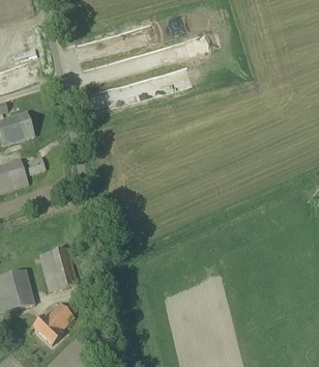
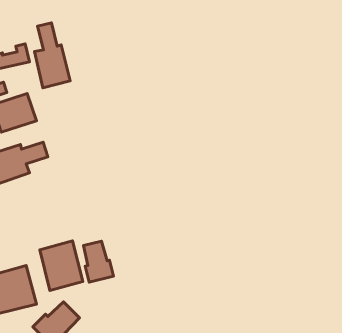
building: none -> [35,23,70,88]
building: none -> [84,241,114,282]

